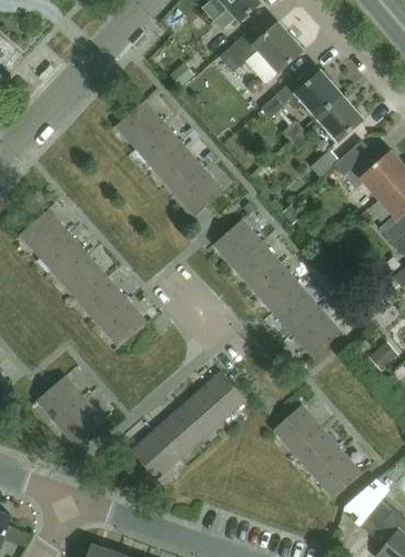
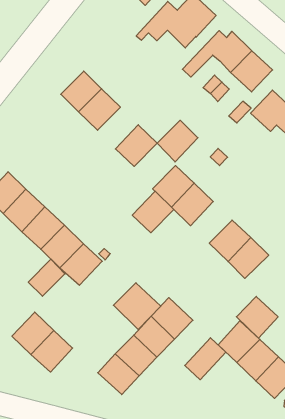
building: [156,146,204,194] -> [157,120,198,162]
building: [254,265,303,313] -> [132,191,174,233]
building: none -> [28,259,65,296]
building: none -> [113,283,161,330]
building: none -> [236,296,278,338]
building: none -> [185,338,226,380]

